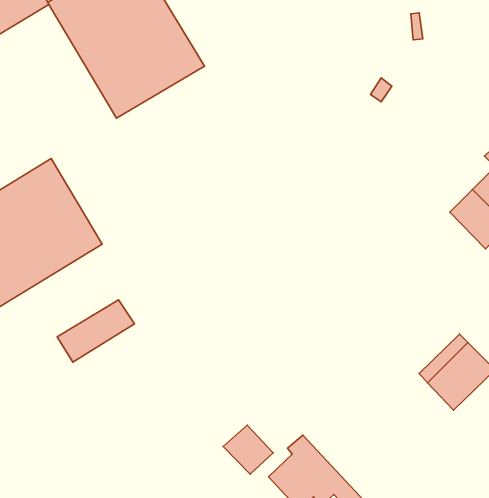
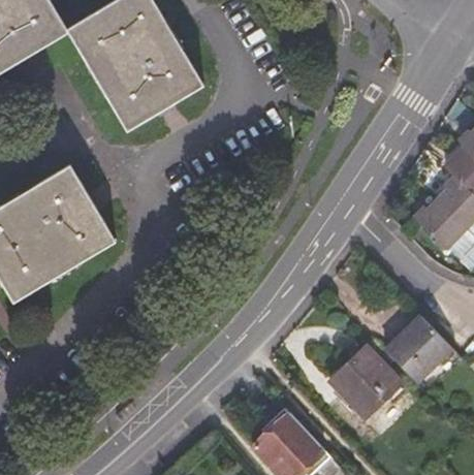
building: [57,300,135,362] -> none
building: none -> [333,345,401,414]
building: [223,425,273,474] -> none

